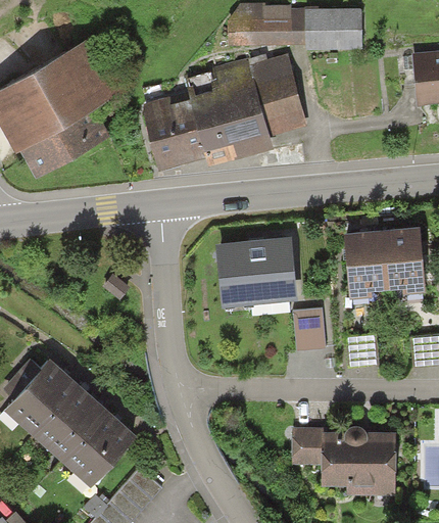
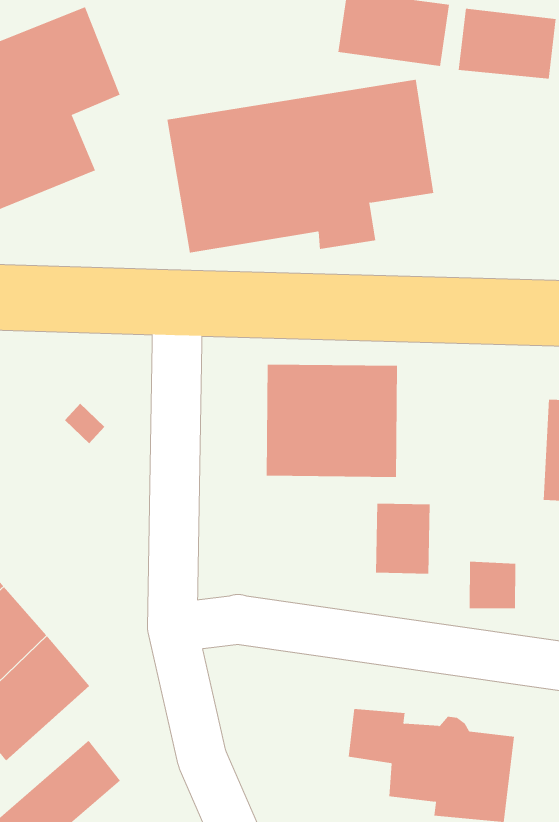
building: [345,237,387,304] -> none

